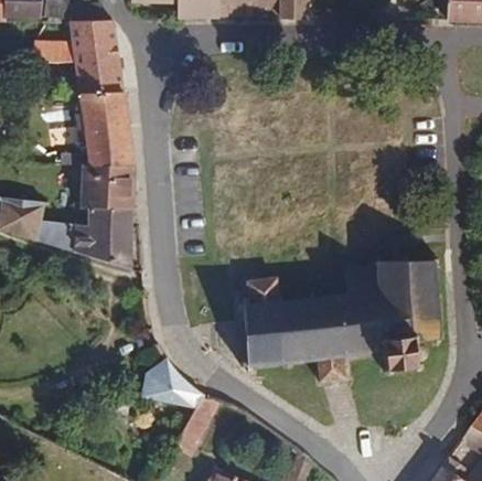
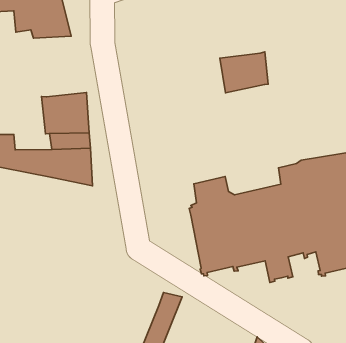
building: [76,90,131,159] -> none
building: none -> [220,52,268,93]
building: [141,360,200,408] -> none

